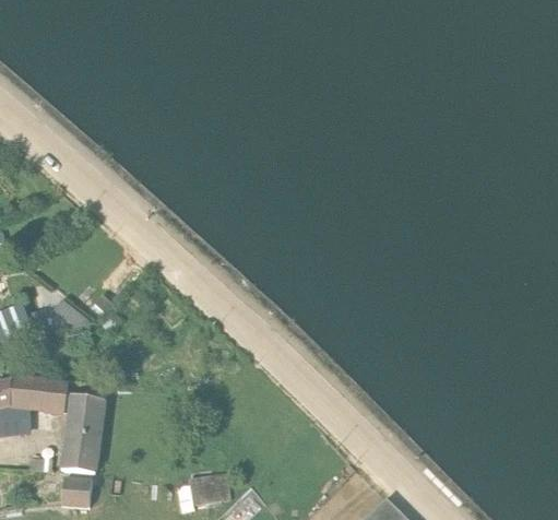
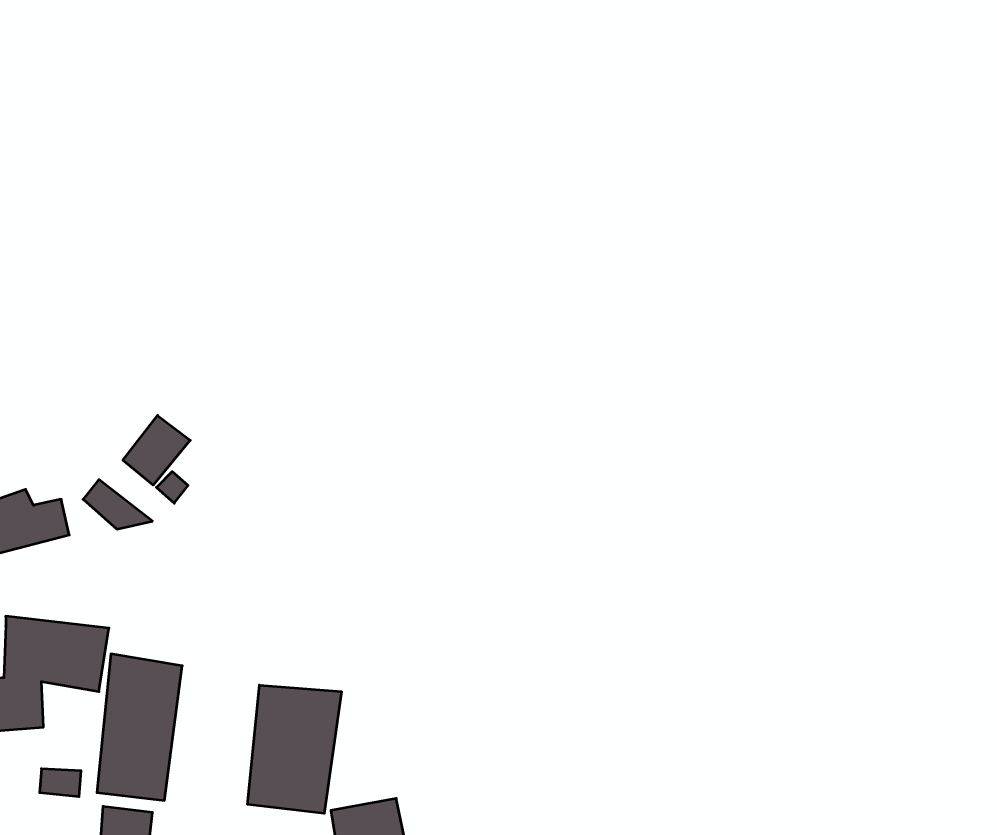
building: none -> [123,415,190,485]
building: none -> [248,685,341,813]

